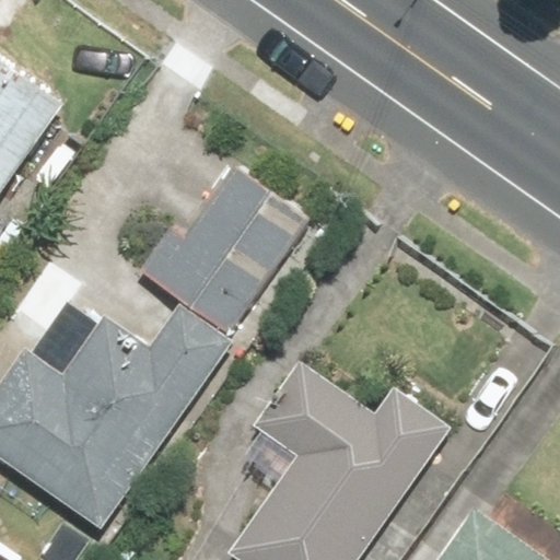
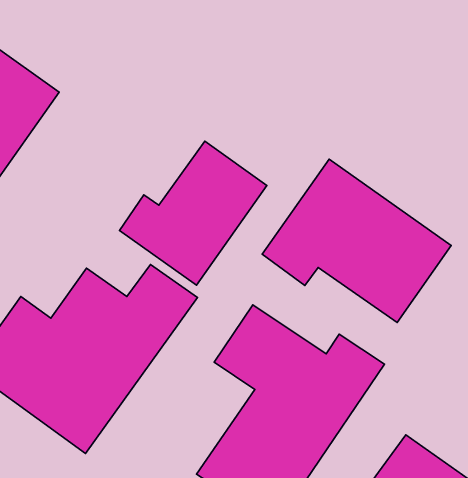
building: none -> [262,159,451,322]

